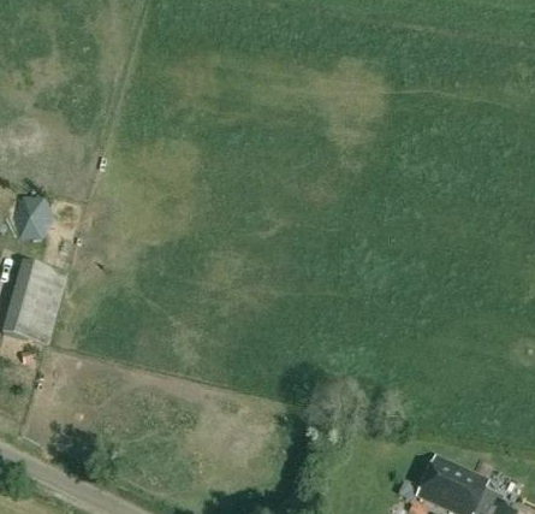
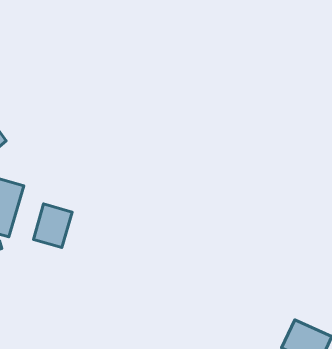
building: none -> [34,204,72,247]

